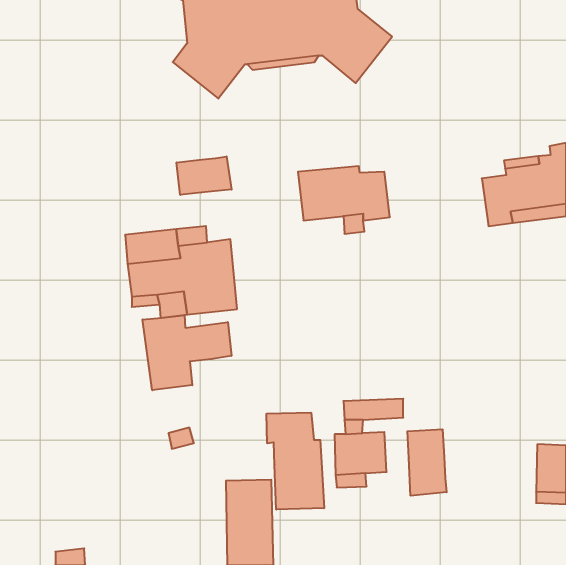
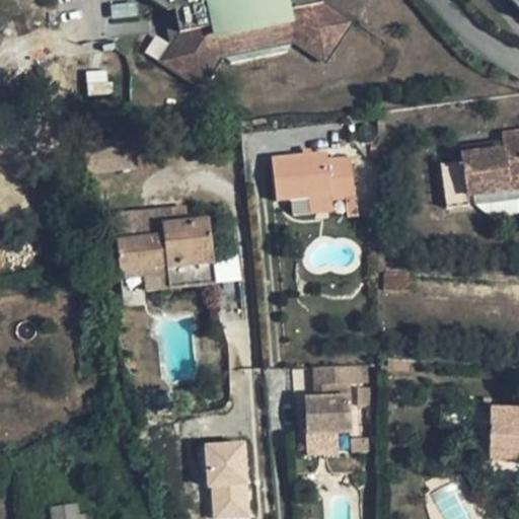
building: [177,156,232,195] -> none
building: [143,315,231,390] -> none
building: [267,413,324,510] -> none
building: [407,429,447,496] -> none

